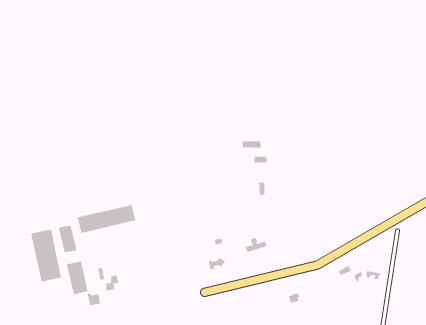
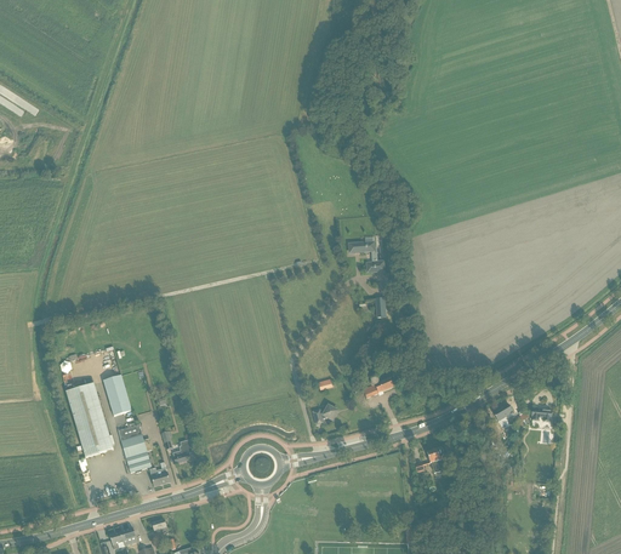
building: [77,204,136,234] -> none

